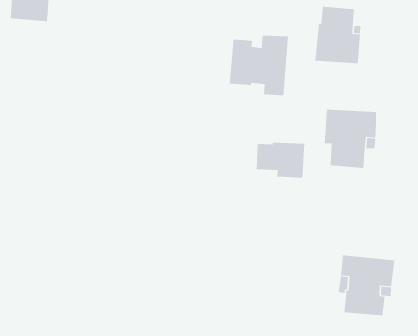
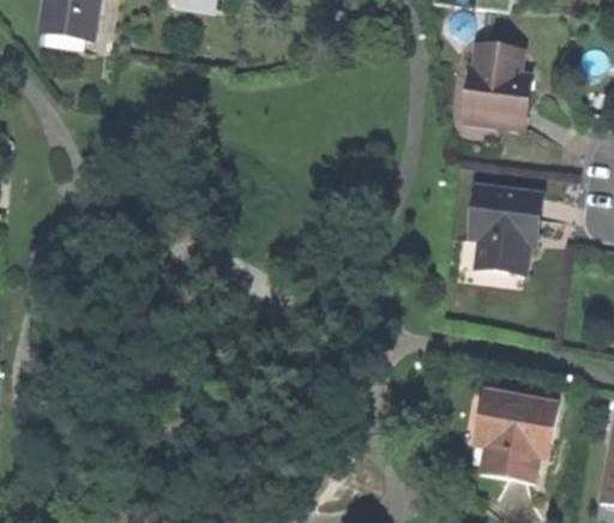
building: [229,35,289,96] -> none
building: [256,142,305,179] -> none

